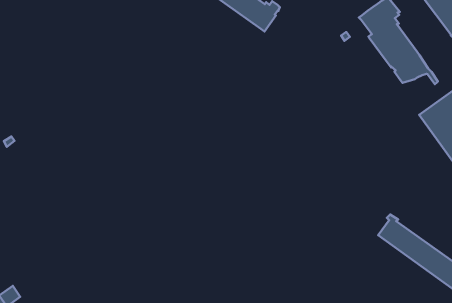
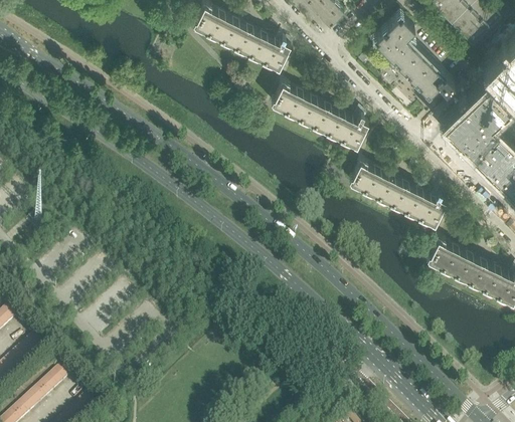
building: none -> [270,81,366,149]
building: none -> [347,160,445,226]

